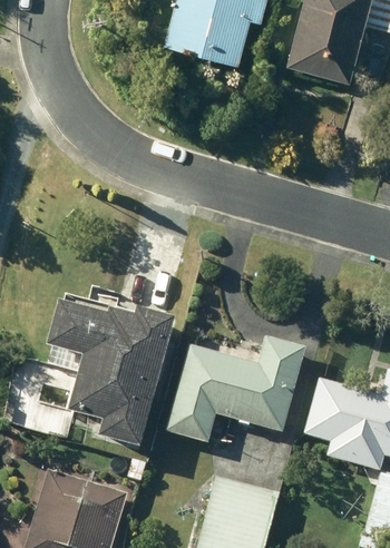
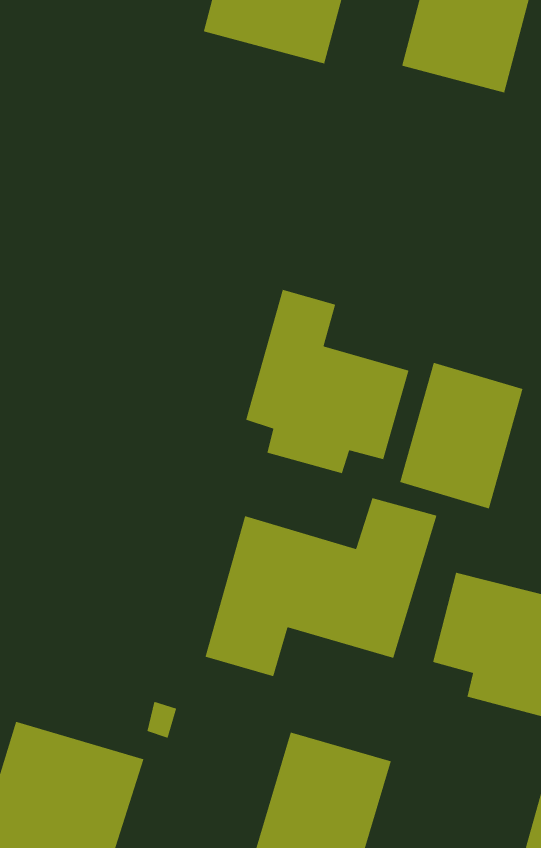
building: none -> [245,289,409,474]
building: none -> [399,362,523,509]
building: [45,296,173,444] -> none

